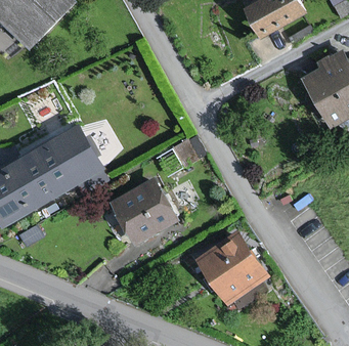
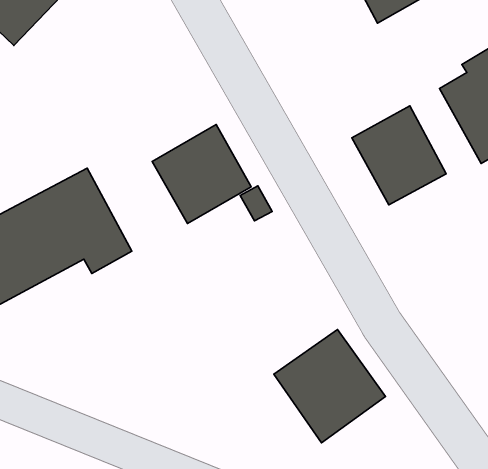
building: none -> [352,106,446,205]
building: [113,179,176,243] -> [152,125,251,224]

